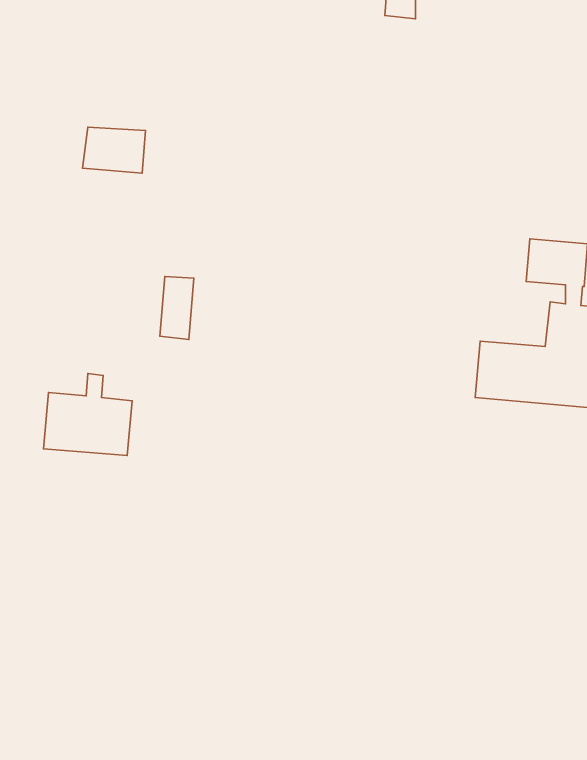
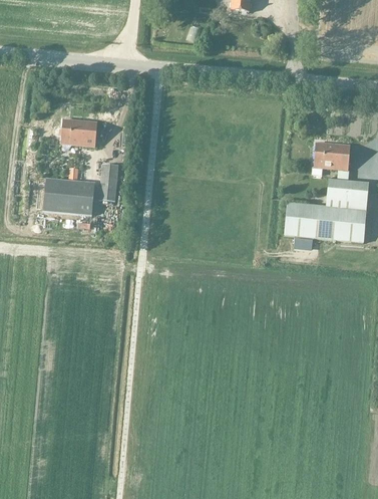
building: [83,127,146,173] -> [61,118,98,146]
building: [44,374,132,456] -> [43,167,95,215]

